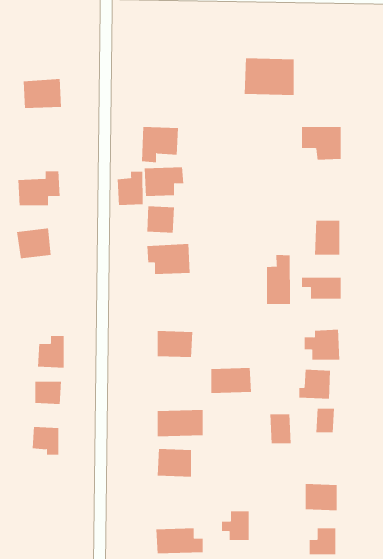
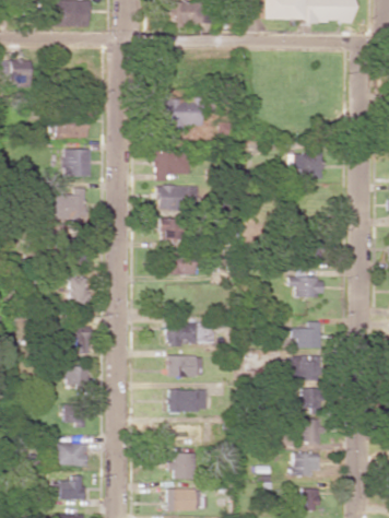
building: [244,58,294,95] -> [161,96,203,128]
building: none -> [63,149,91,177]
building: [117,171,143,206] -> none
building: [266,254,290,305] -> none
building: none -> [69,276,89,309]
building: [210,367,252,393] -> [168,355,203,377]
building: [269,414,292,444] -> [303,419,321,444]
building: none -> [57,443,87,466]
building: [221,511,250,541] -> [167,454,191,479]
building: none -> [51,475,83,499]

